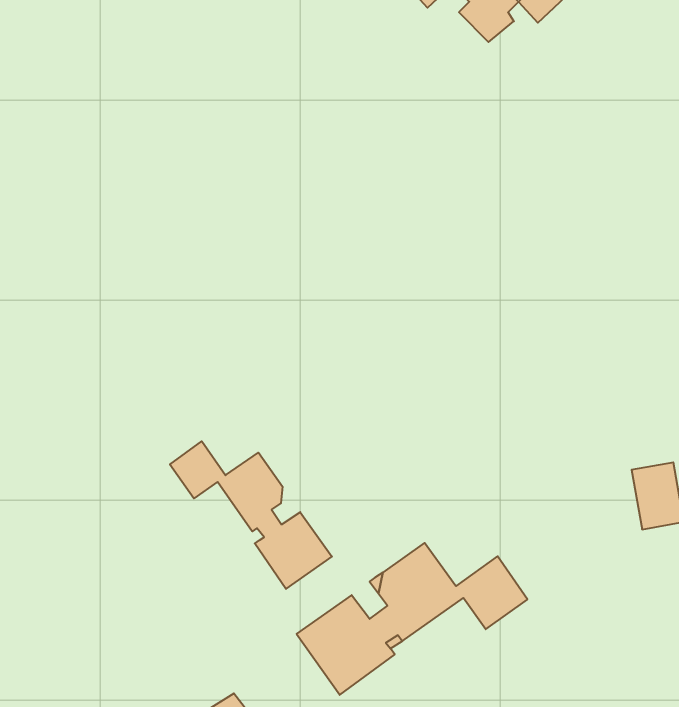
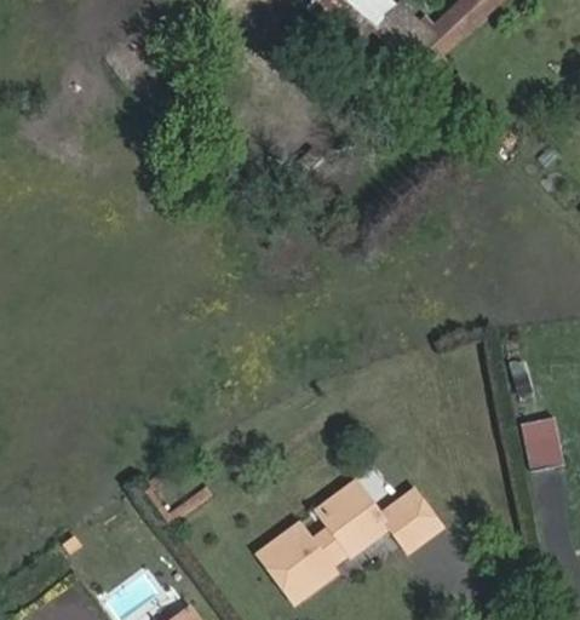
building: [170,441,332,589] -> none

